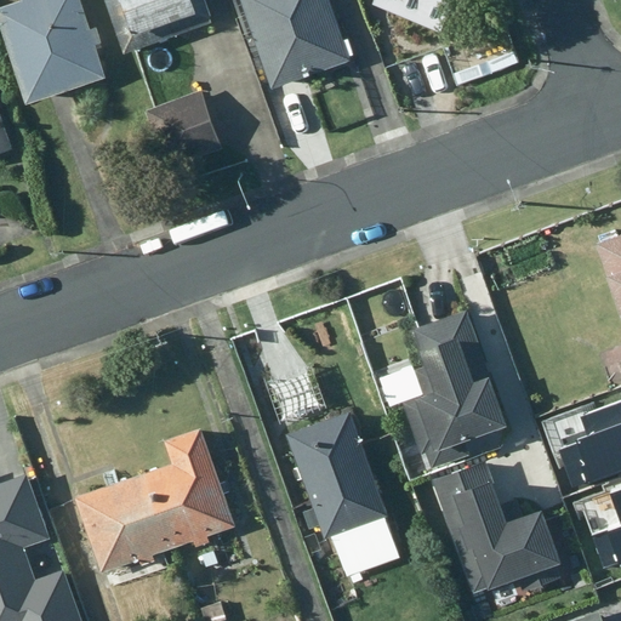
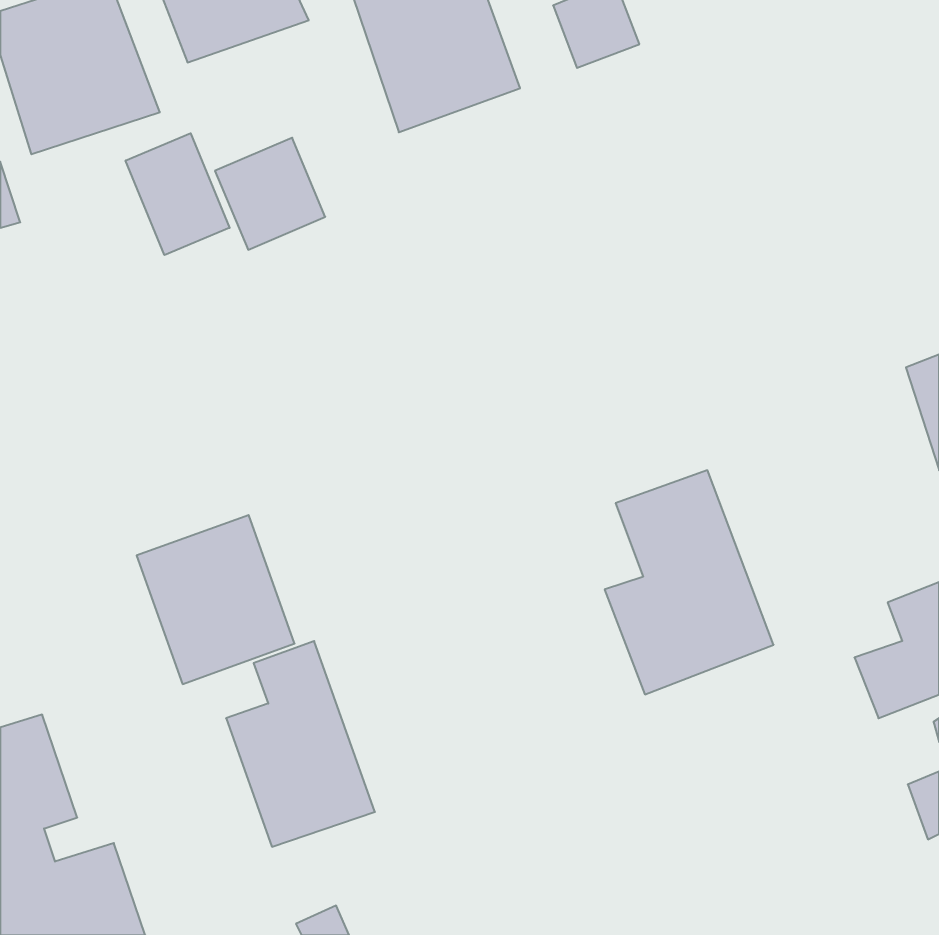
building: none -> [126,133,230,255]
building: [286,416,397,575] -> none
building: [435,463,560,592] -> none
building: [75,474,180,586] -> [137,515,295,684]

